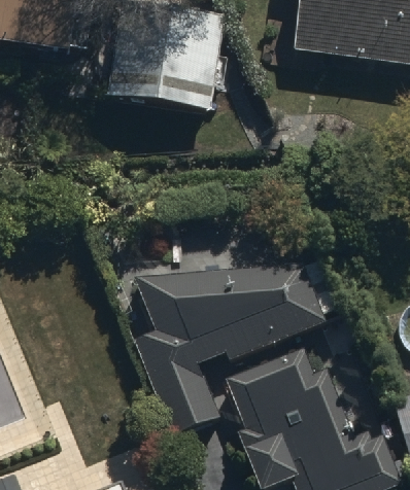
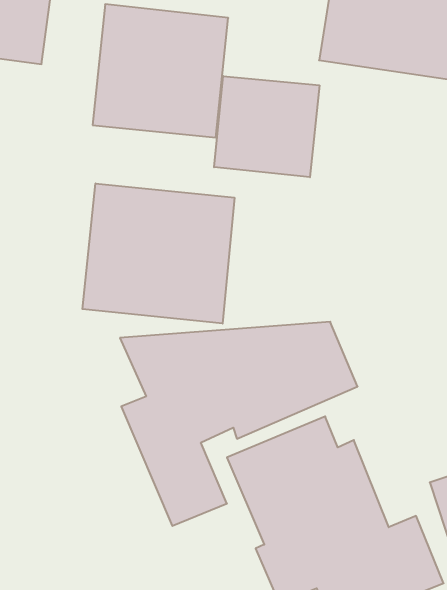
building: none -> [214,76,319,177]
building: none -> [82,183,234,324]

